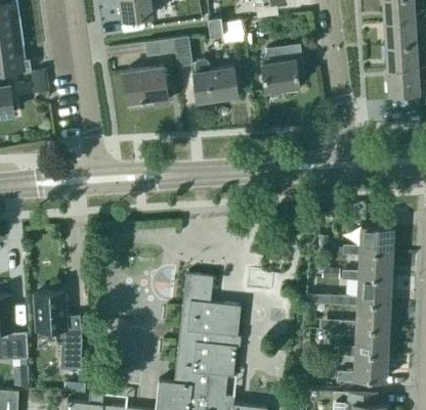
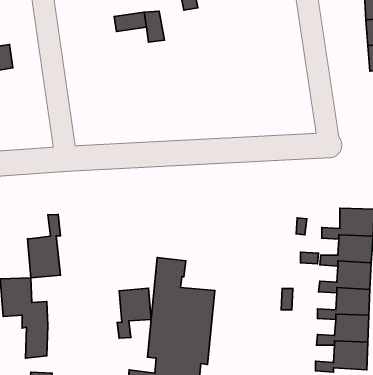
building: [261,45,302,92] -> none
building: [193,60,237,102] -> none
building: [123,67,168,104] -> none
building: none -> [28,214,61,278]
building: none -> [117,288,151,338]

